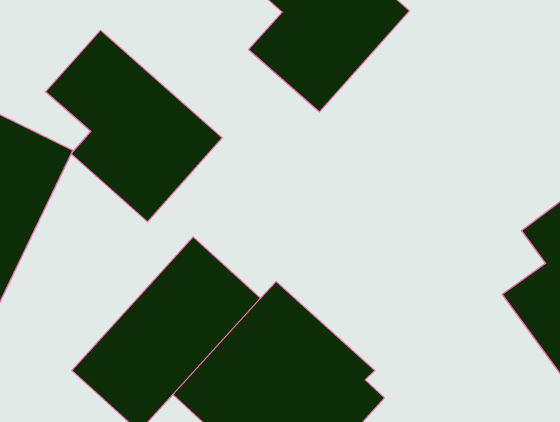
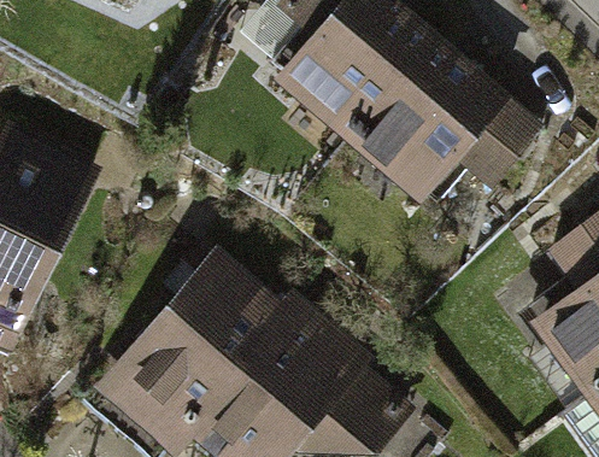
building: none -> [343,28,544,197]
building: [45,30,222,222] -> none

